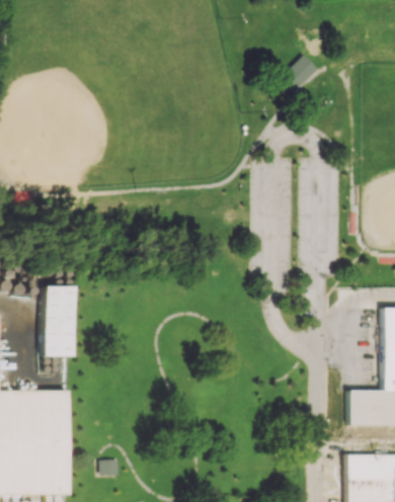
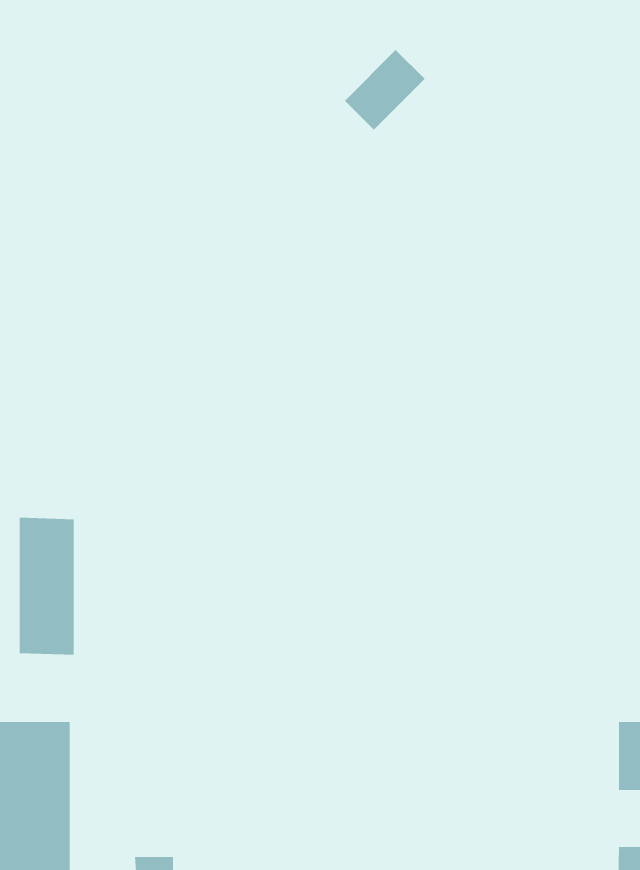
building: [278,52,319,93] -> [344,49,425,131]

